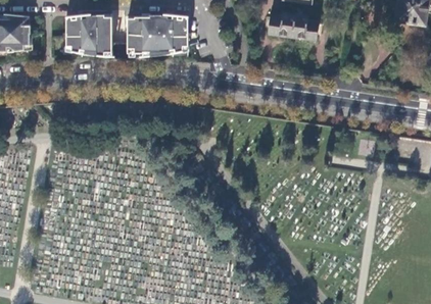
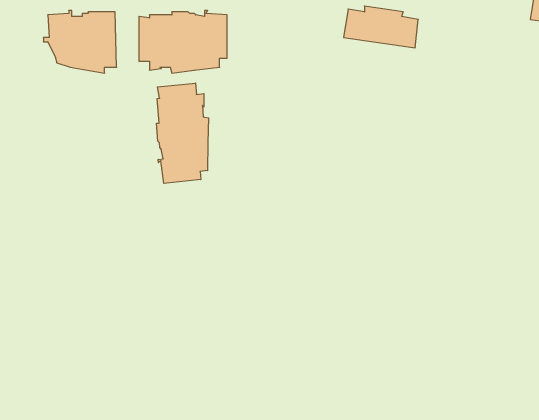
building: none -> [157,83,209,183]

